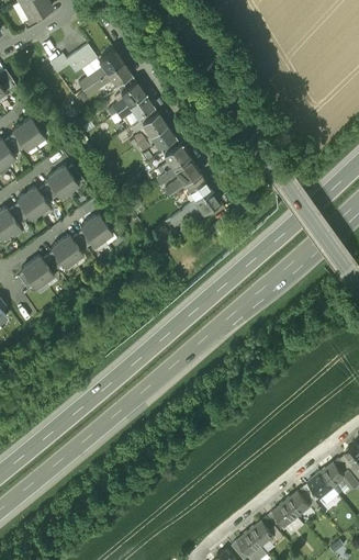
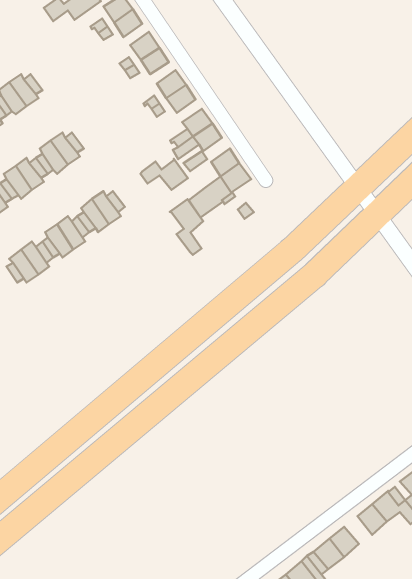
building: none -> [140,159,188,190]
building: none -> [170,199,203,255]

